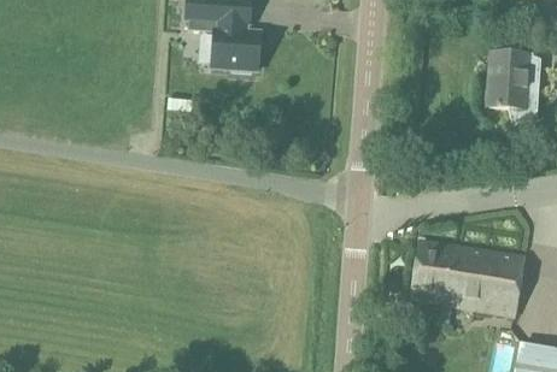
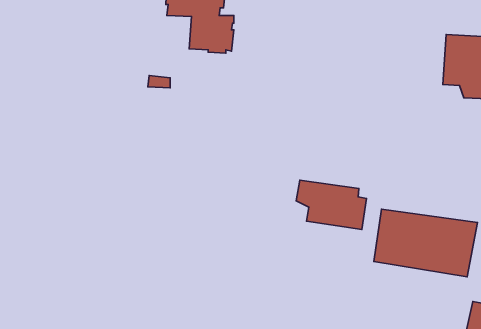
building: none -> [296,180,367,229]

